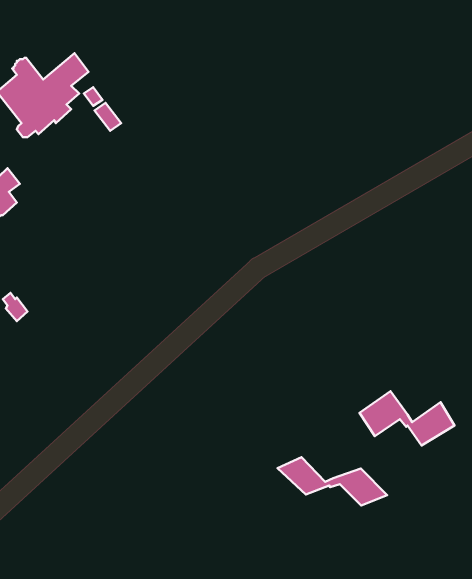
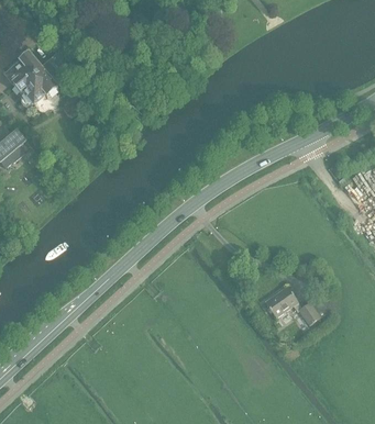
building: [277,457,387,505] -> none

